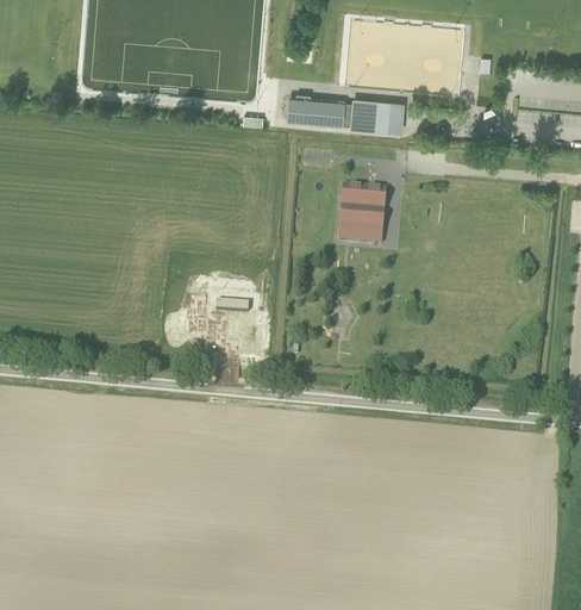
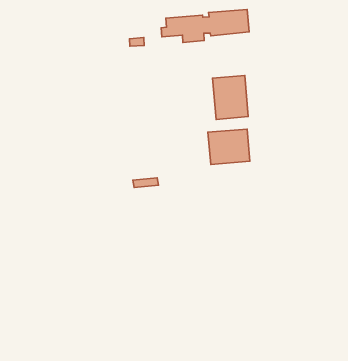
building: none -> [208,129,250,164]

